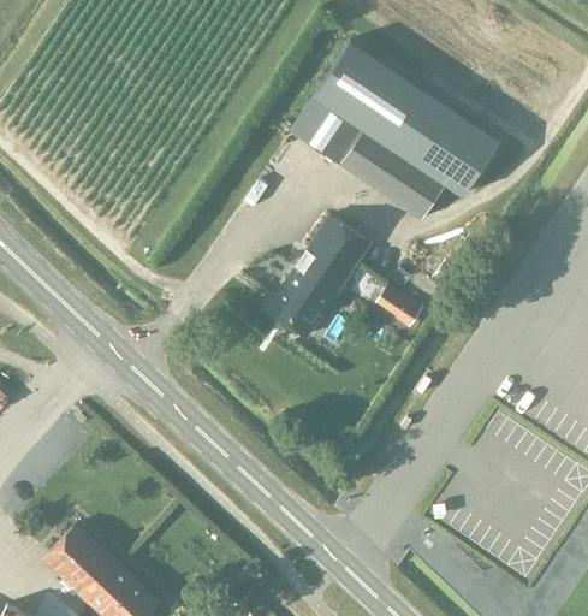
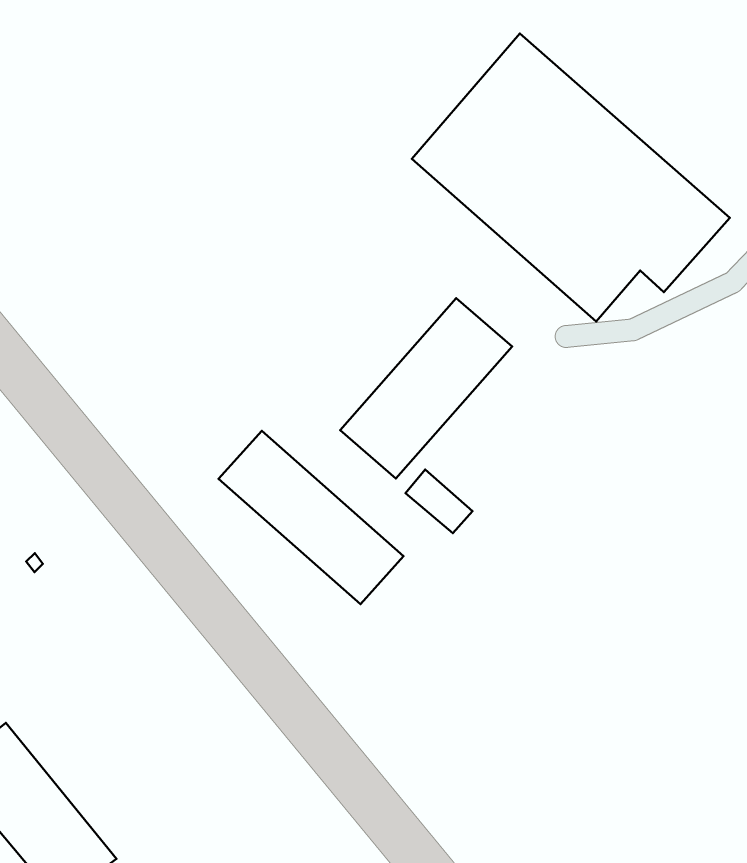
building: [376,286,421,325] -> [405,469,473,533]
building: none -> [218,431,404,604]

